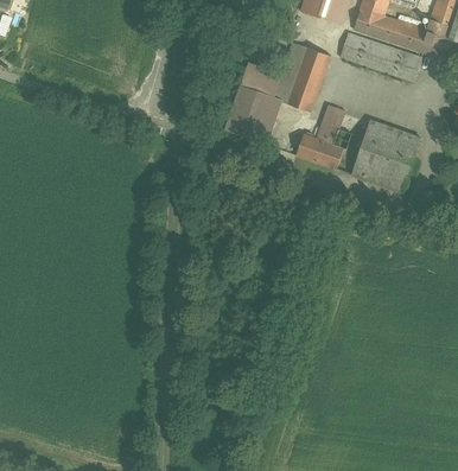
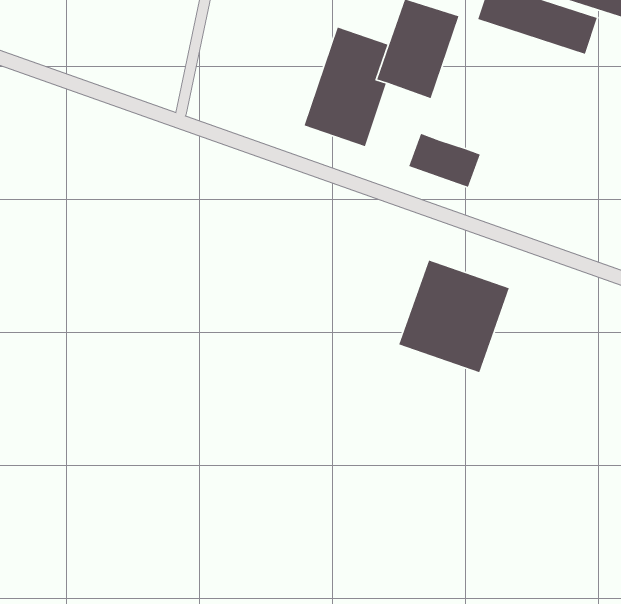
building: [316,104,345,144] -> none
building: [349,119,424,195] -> [398,260,510,373]

